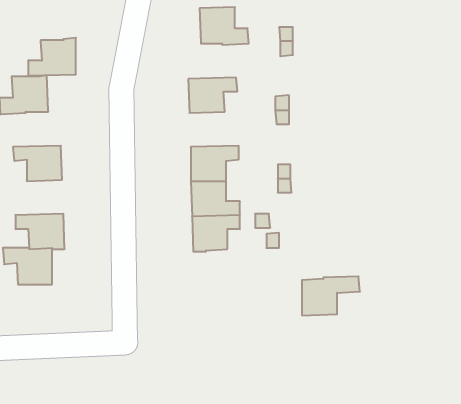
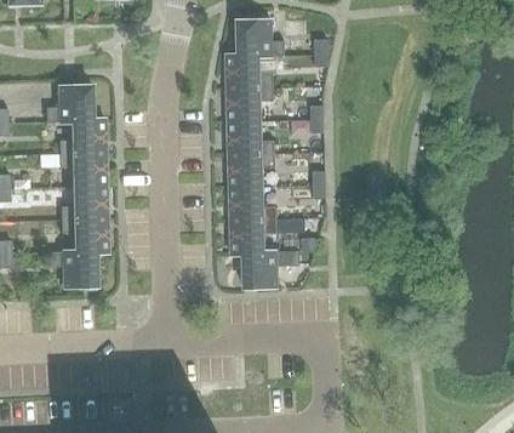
building: [28,38,76,76] -> [58,118,104,154]
building: none -> [227,53,273,89]
building: none -> [228,120,275,154]
building: none -> [59,186,107,220]
building: [302,276,360,315] -> [244,250,299,287]

